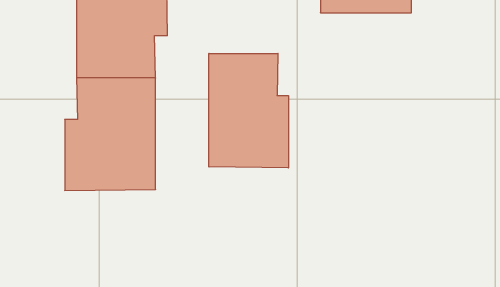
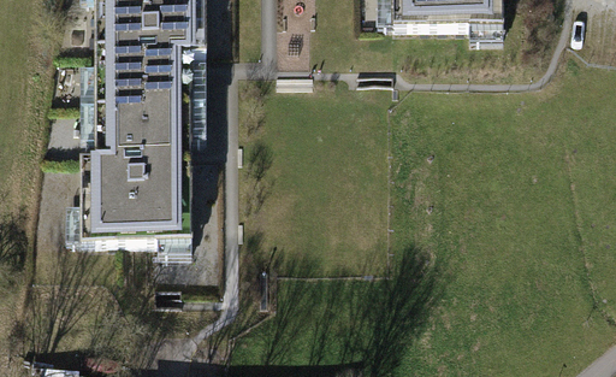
building: [209,53,288,168] -> none

